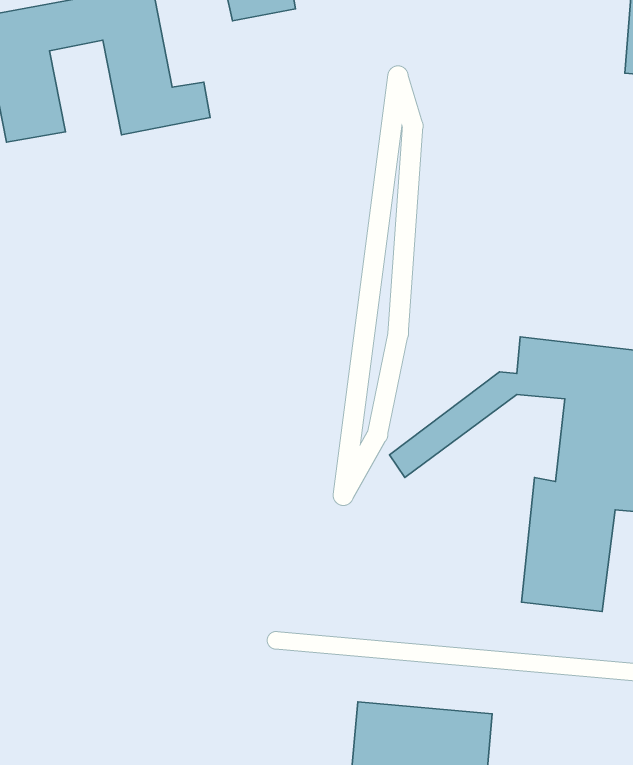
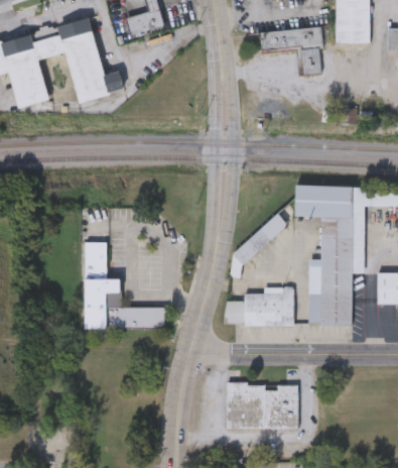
building: none -> [260,28,323,76]
building: none -> [86,241,165,326]
building: none -> [226,289,294,327]

